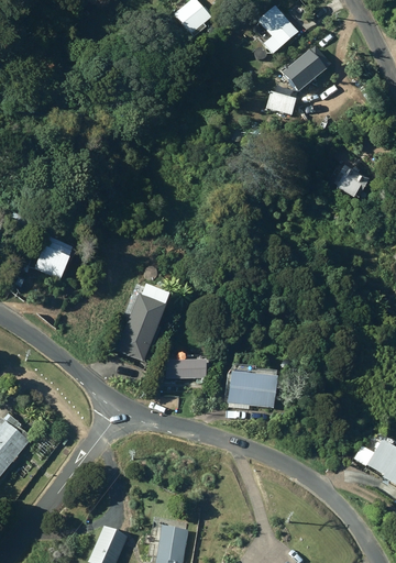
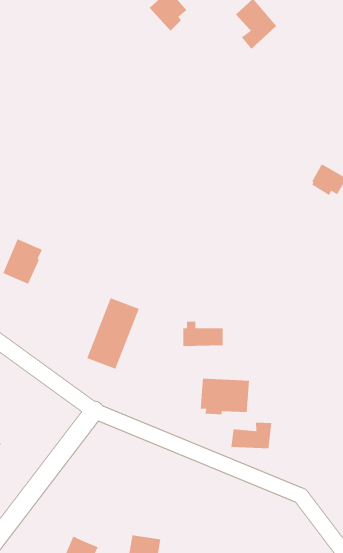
building: [284,48,327,90] -> none
building: [267,90,297,113] -> none
building: [165,354,205,379] -> [183,321,224,347]
building: none -> [231,422,272,449]

